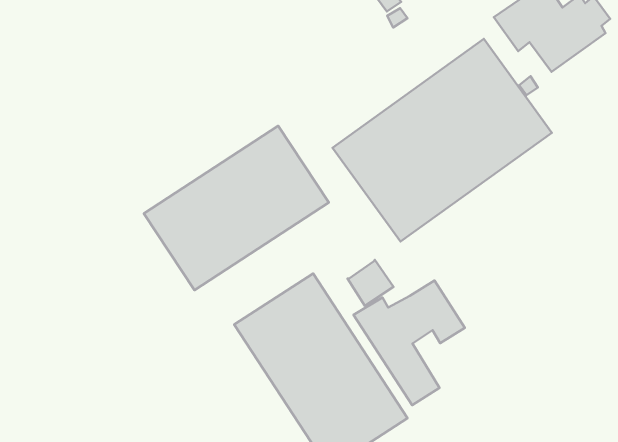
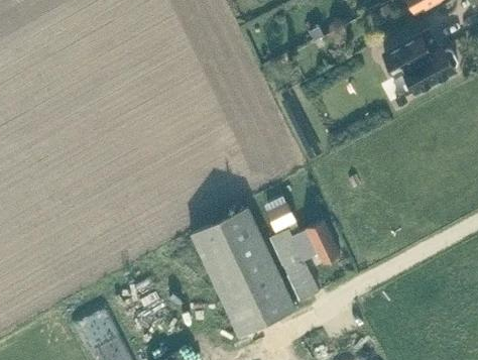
building: [332,39,552,242] -> none
building: [144,126,329,290] -> none

